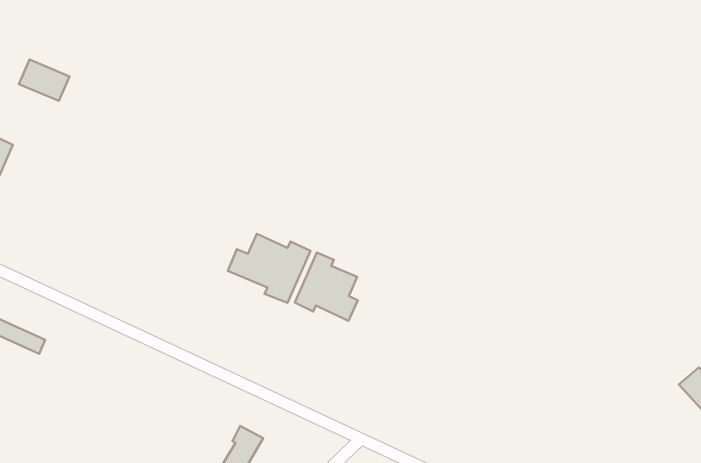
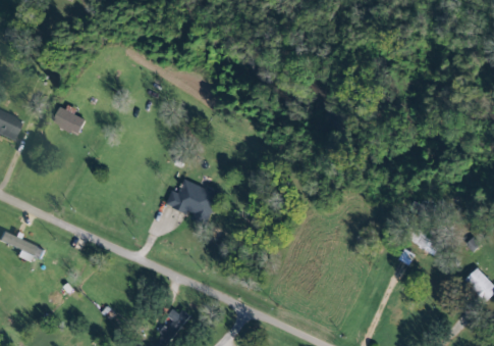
building: [19,59,69,101] -> [52,107,86,135]
building: [295,253,358,321] -> none

